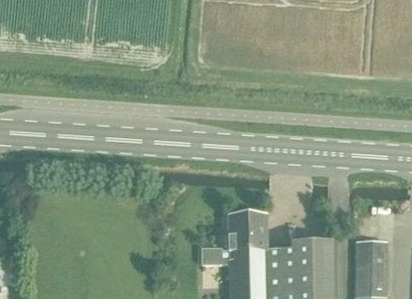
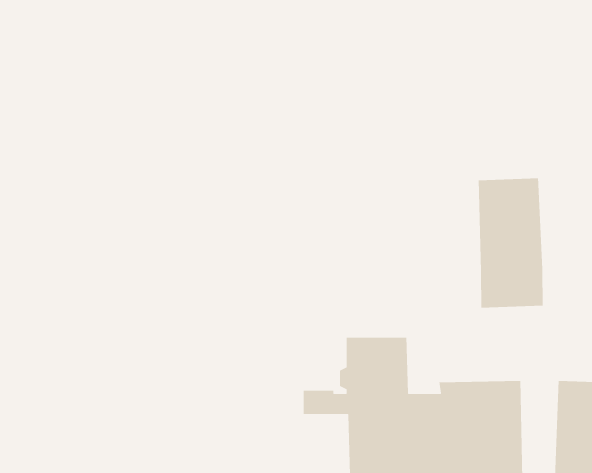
building: none -> [478,178,543,309]

